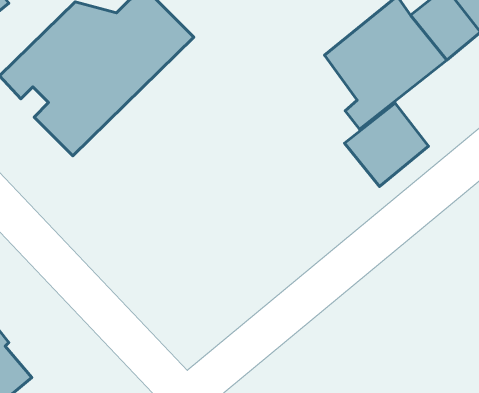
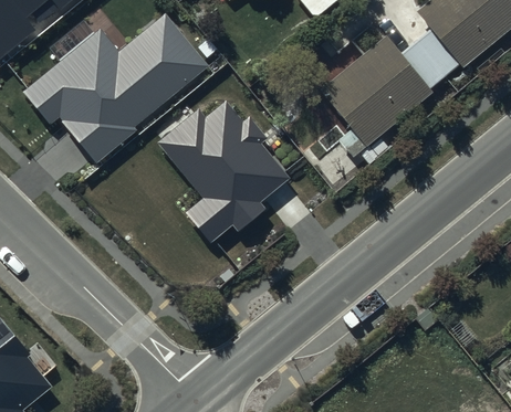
building: none -> [157,105,284,243]
building: [345,103,429,187] -> none

